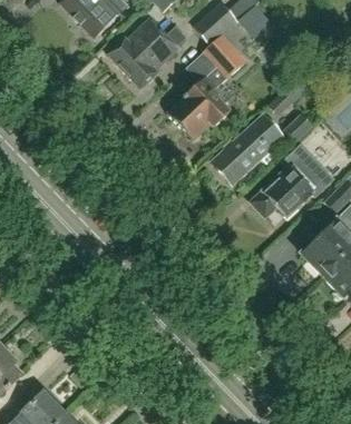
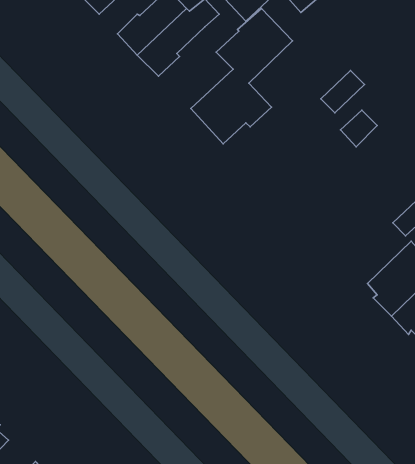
building: [212,116,281,183] -> none
building: [252,144,335,219] -> none

